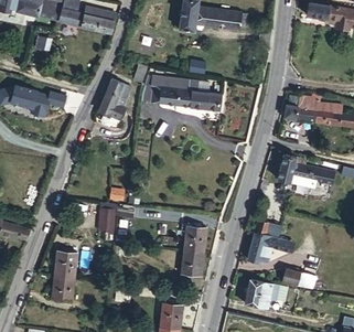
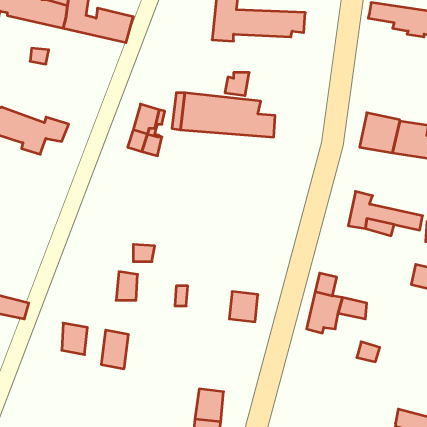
building: [184,246,207,275] -> none
building: [55,270,76,300] -> [101,330,128,369]
building: [245,271,272,301] -> none

